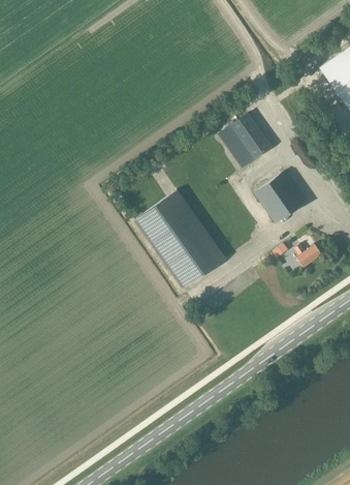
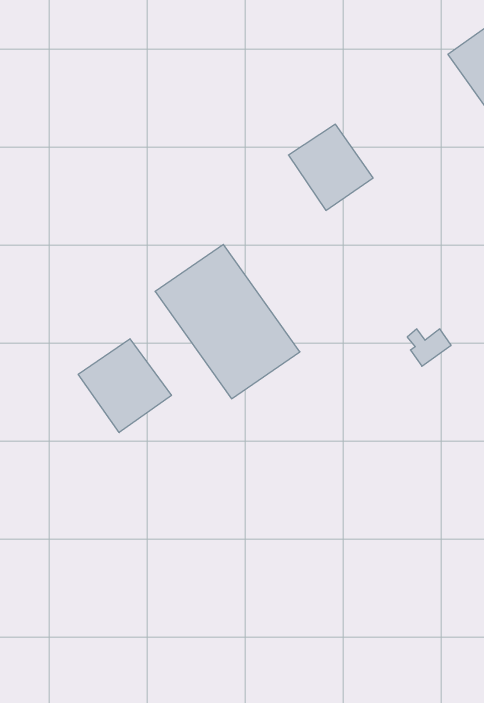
building: [253,171,305,222] -> none
building: none -> [78,339,171,433]

